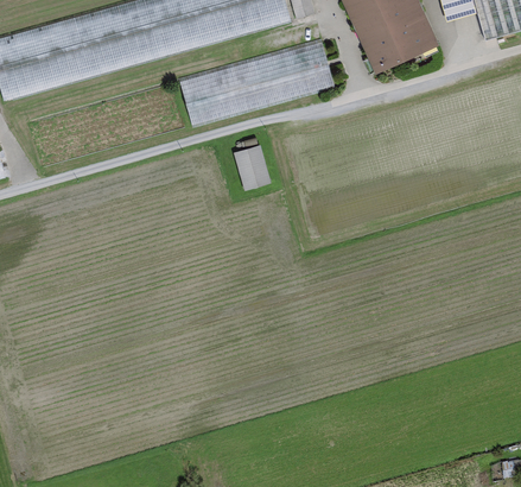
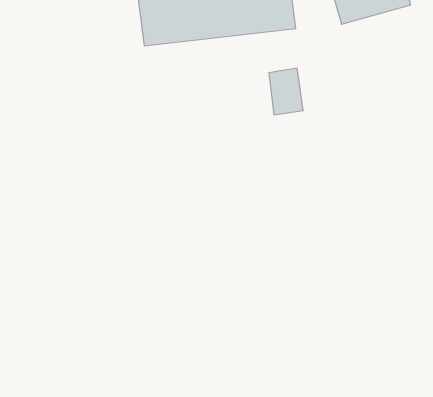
building: [235,139,273,186] -> [269,68,303,115]

